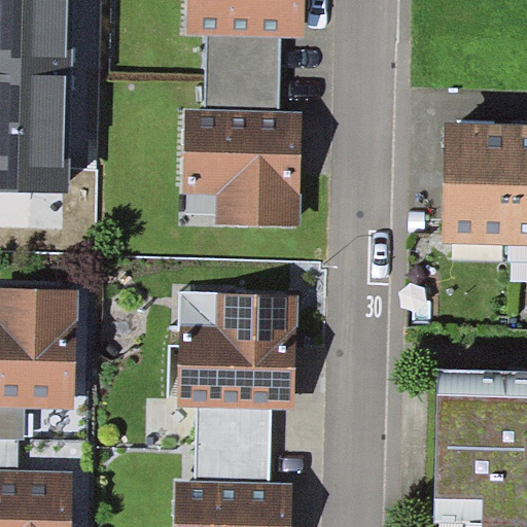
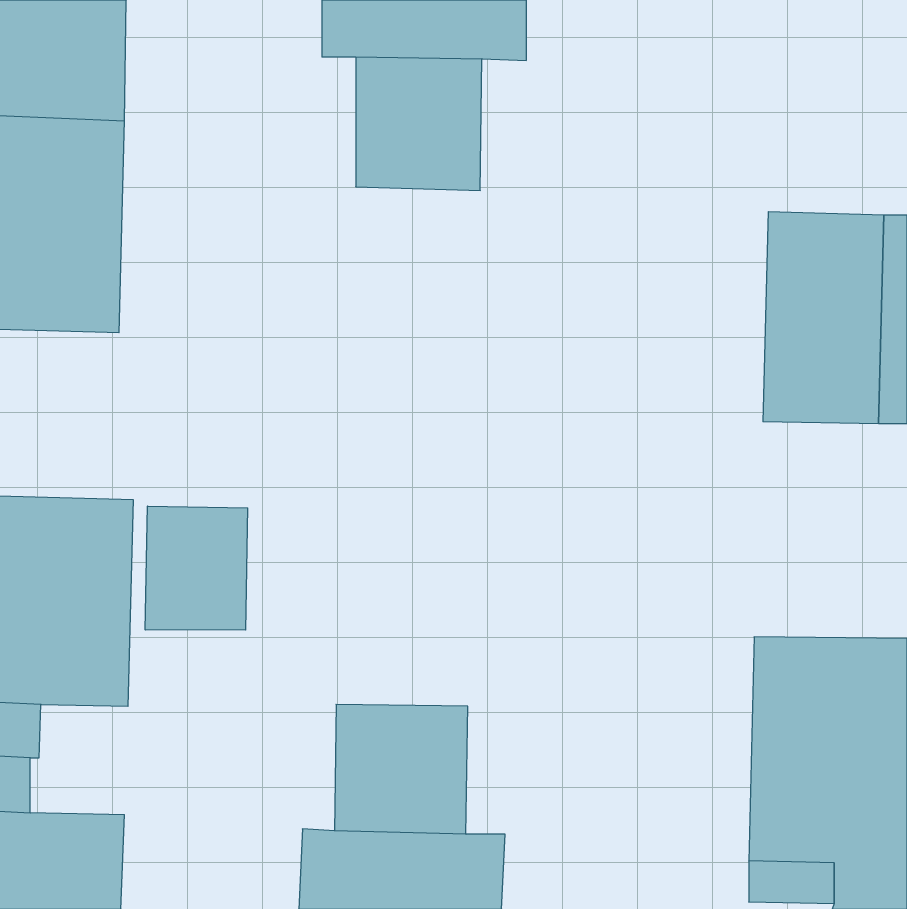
building: [182,108,303,225] -> none
building: [177,292,296,409] -> none
building: none -> [145,506,248,630]

